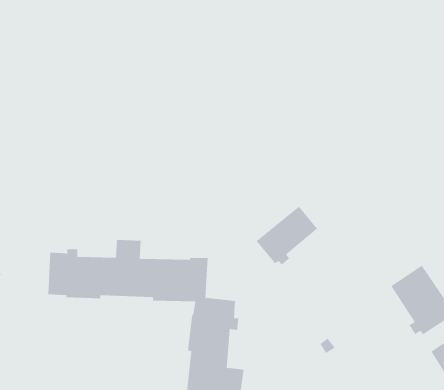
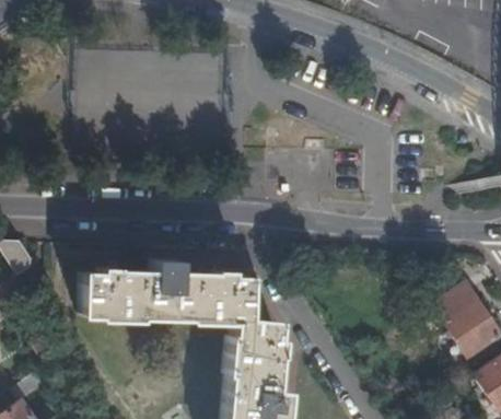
building: [256,206,318,265] -> none

